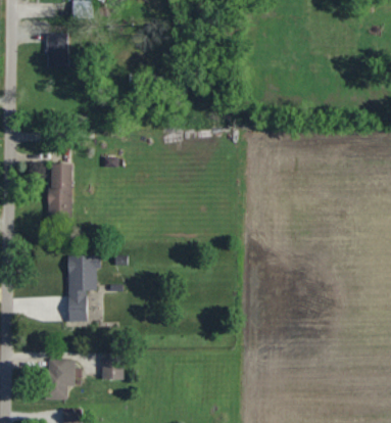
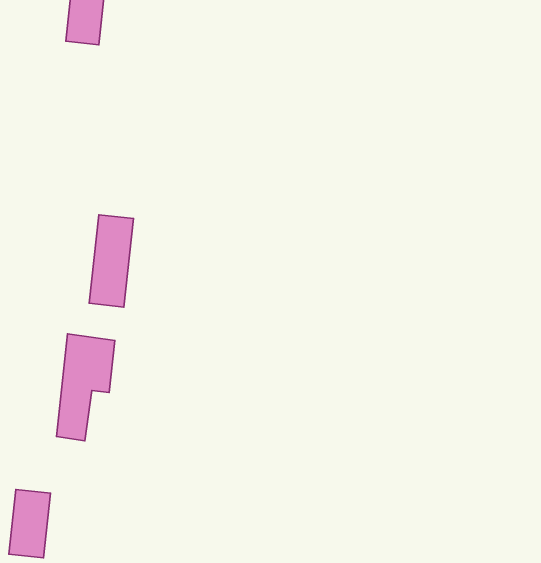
building: [50,163,72,221] -> [89,215,134,307]
building: [103,354,124,380] -> none

